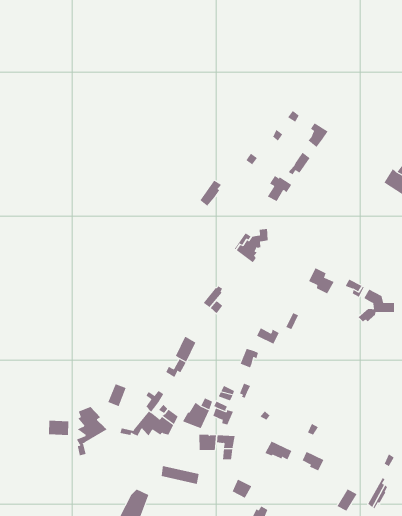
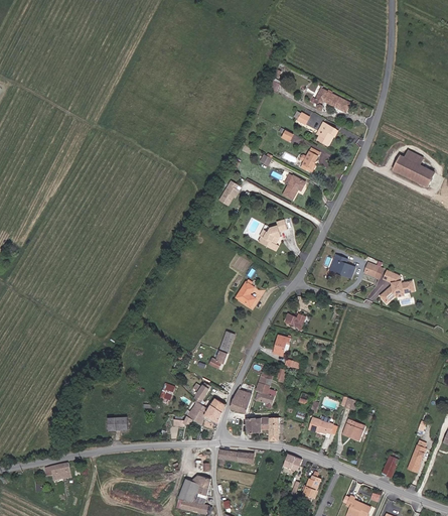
building: none -> [313,87,349,111]
building: [76,406,108,456] -> none

